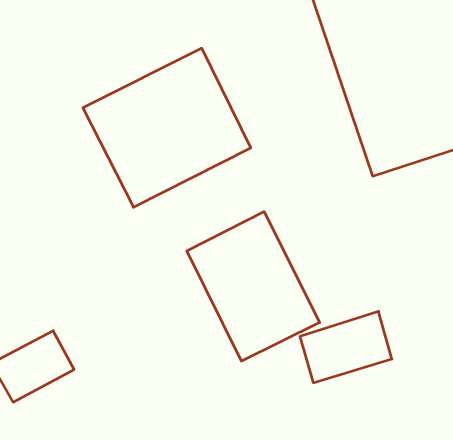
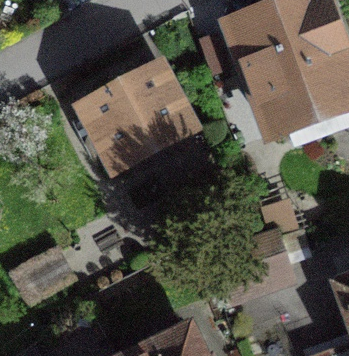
building: [187,212,320,361] -> none

